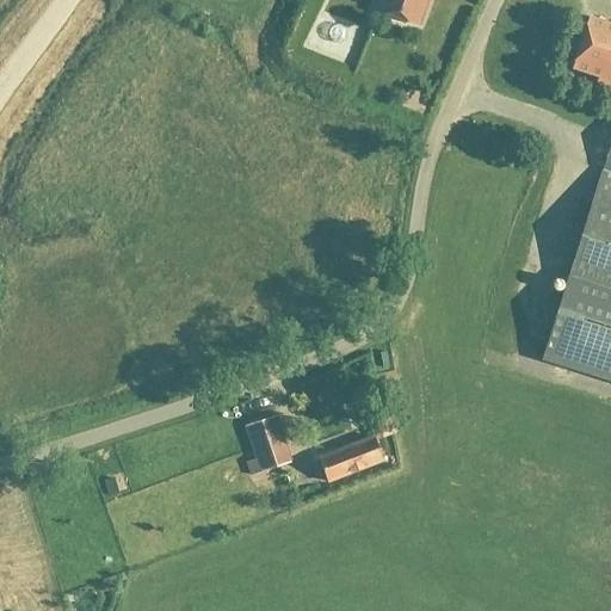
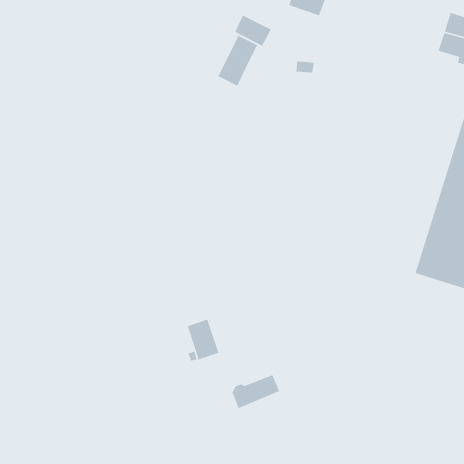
building: none -> [217,35,258,87]
building: [321,434,385,480] -> [231,374,280,409]

